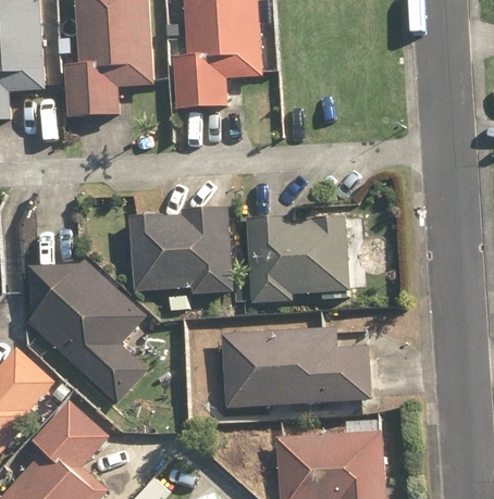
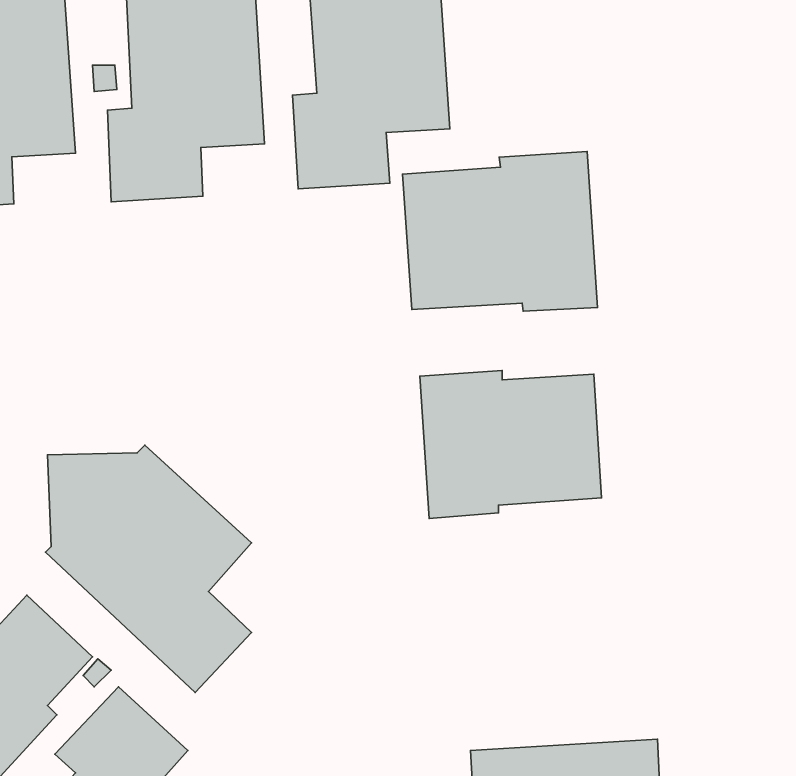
building: none -> [402,152,597,311]
building: [127,205,234,294] -> none
building: [219,325,372,408] -> none

